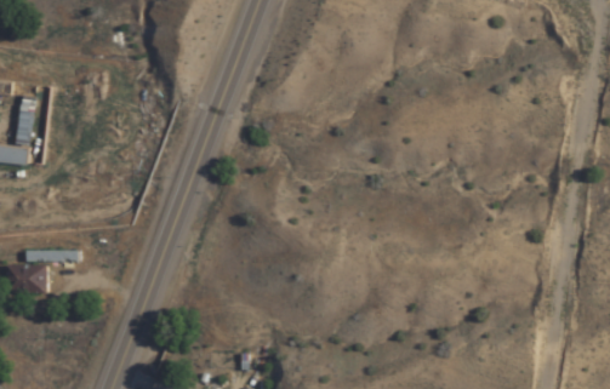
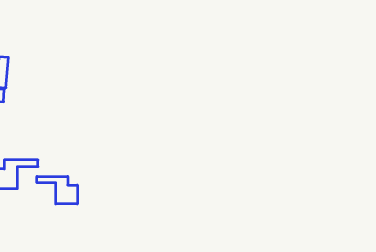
building: none -> [37,176,77,204]

